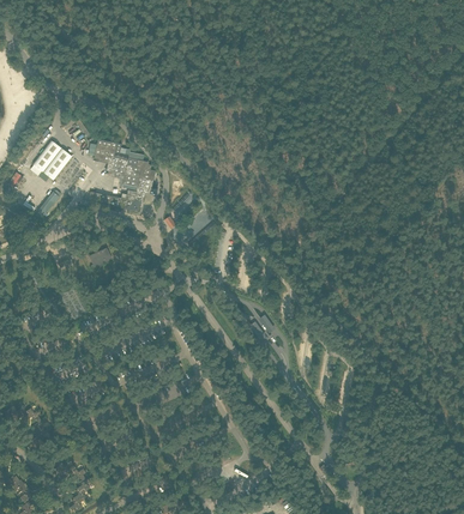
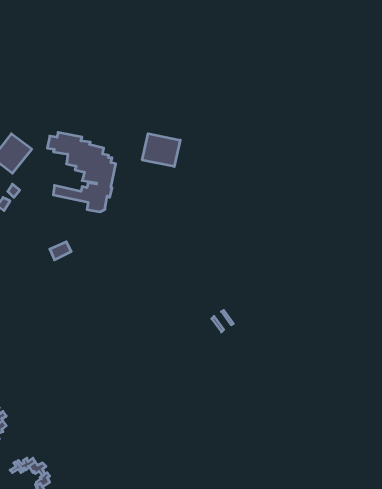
building: none -> [142,134,180,167]

